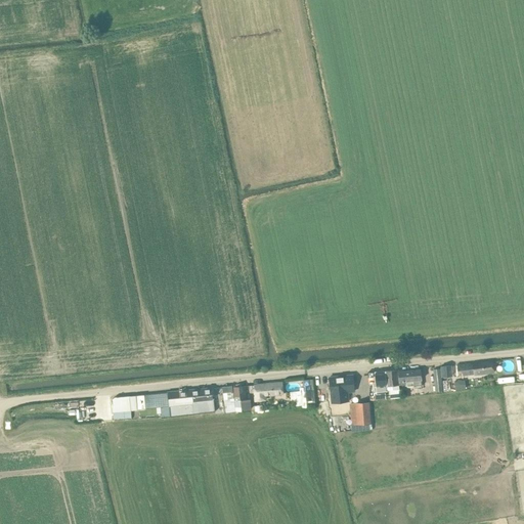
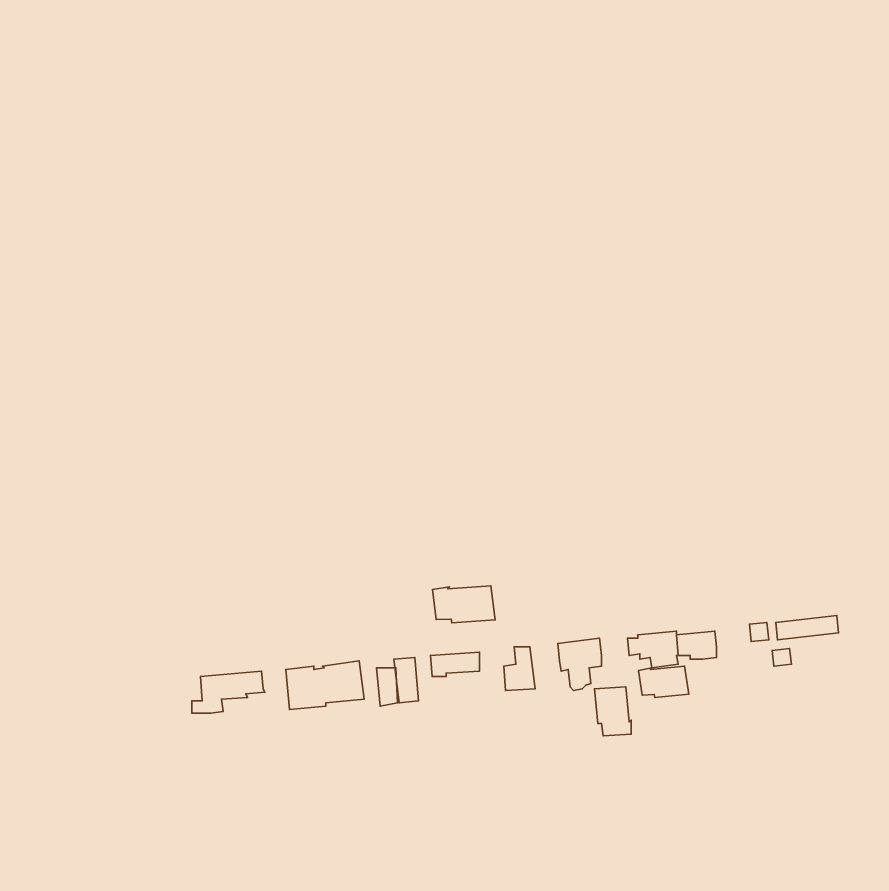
building: none -> [433,586,495,623]
building: none -> [639,666,689,697]

